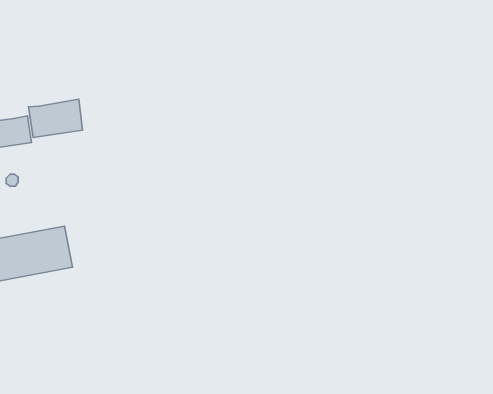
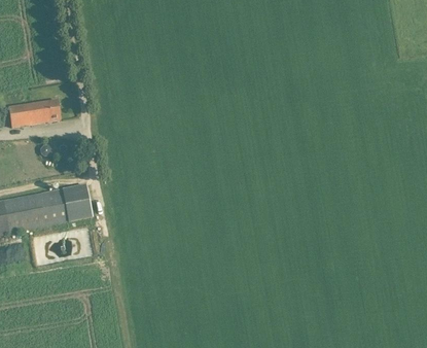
building: [29,99,82,137] -> none

